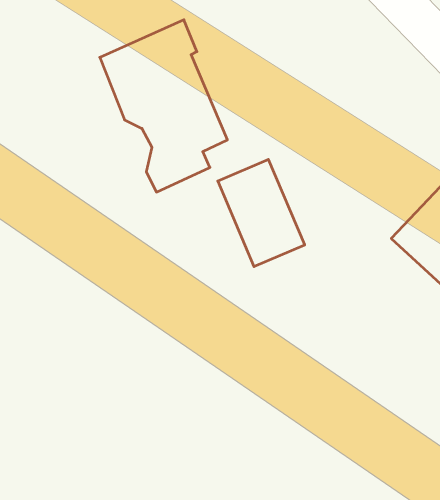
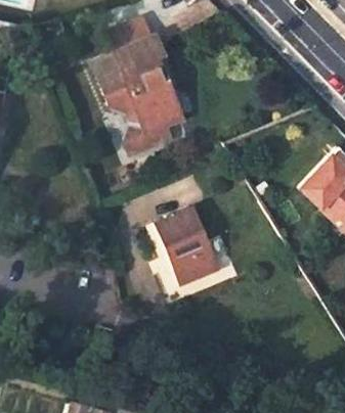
building: [218,159,305,267] -> [155,209,216,284]

